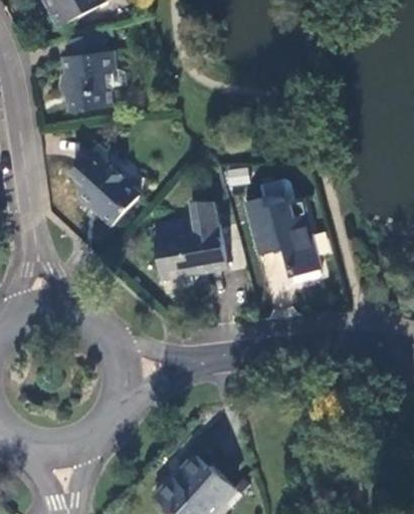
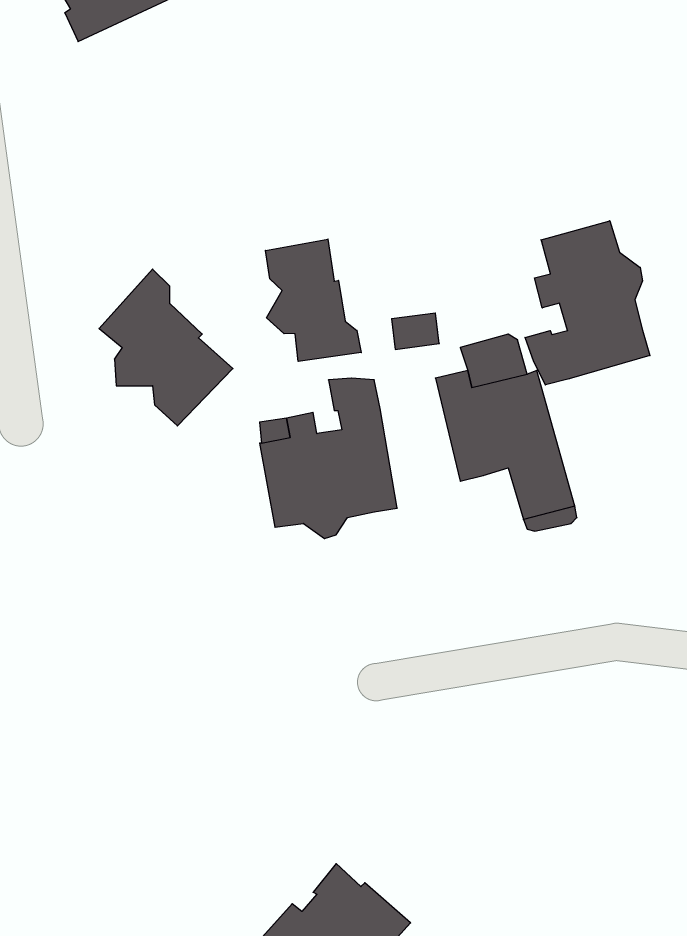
building: [57,30,126,110] -> none
building: none -> [525,221,650,385]
building: none -> [265,239,361,361]

